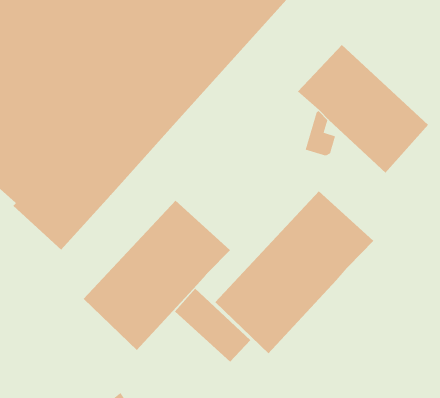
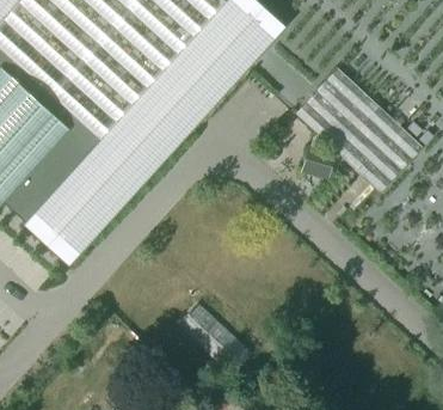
building: [214,190,374,354] -> none
building: [83,200,231,351] -> none

